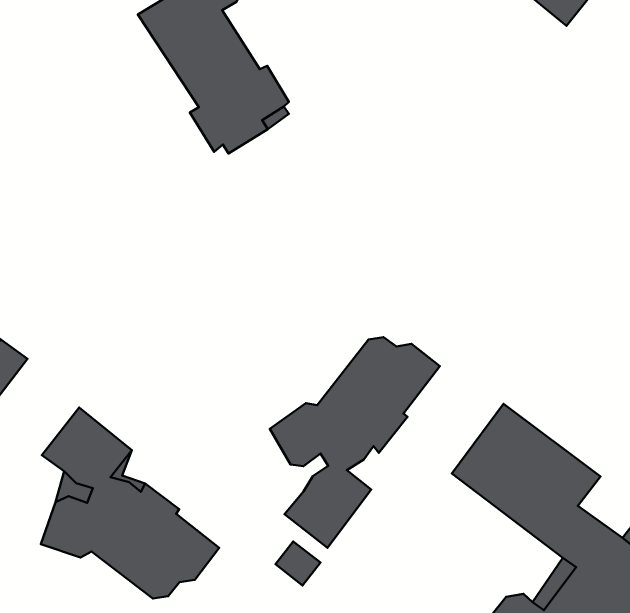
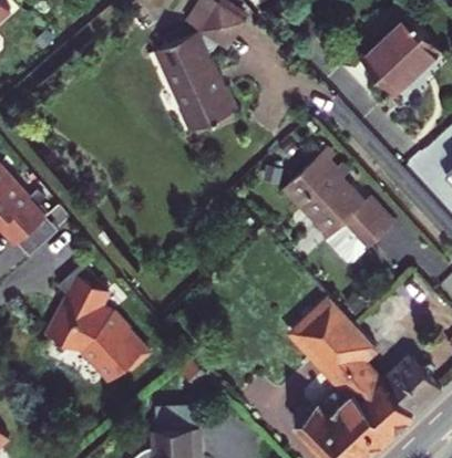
building: none -> [281,152,390,264]
building: [270,337,440,548] -> none

